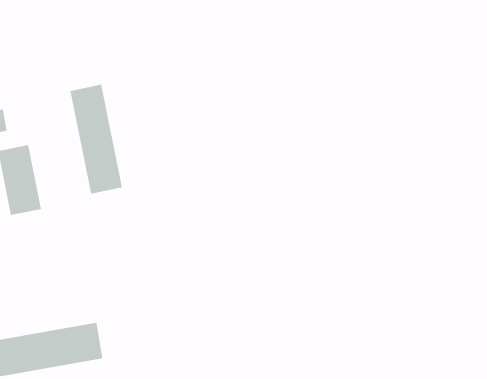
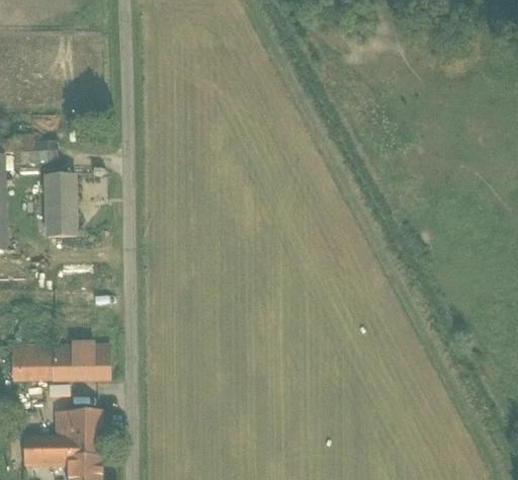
building: [70,84,123,195] -> none

